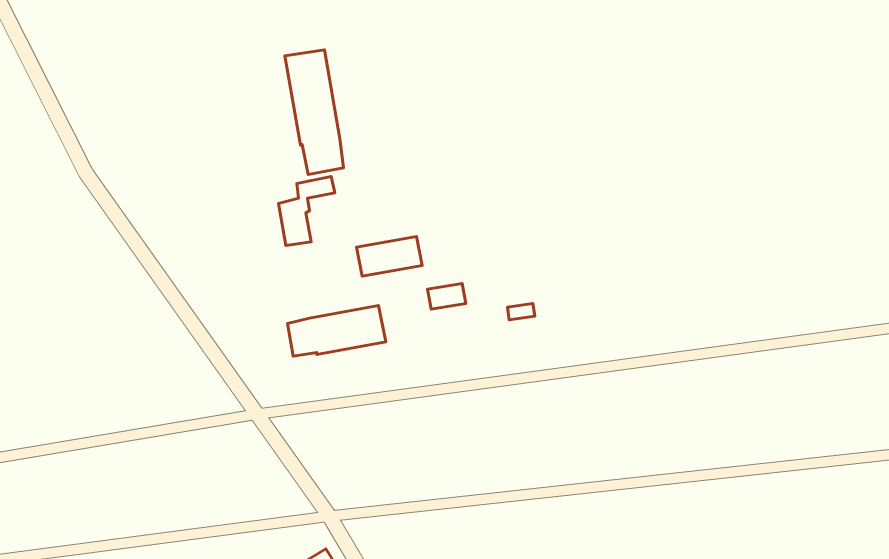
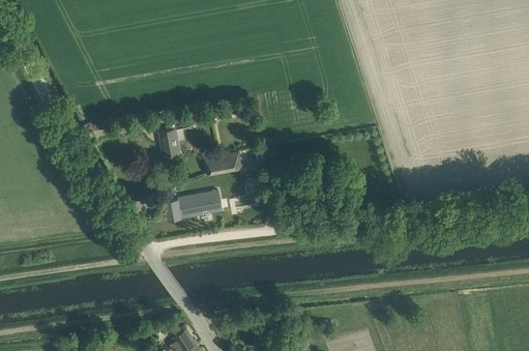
building: [285,50,343,175] -> none

